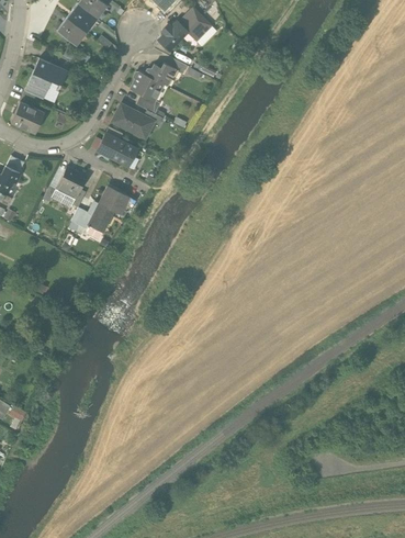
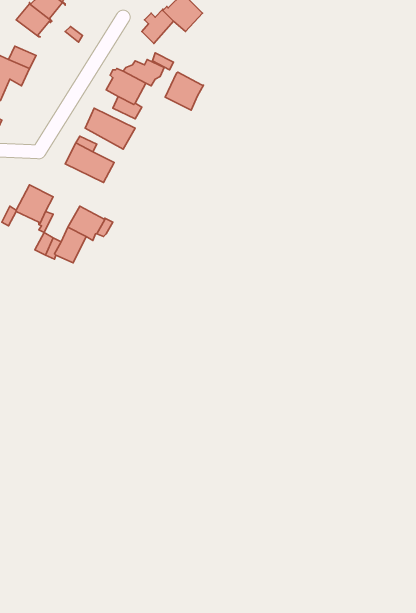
building: none -> [165,72,204,110]

